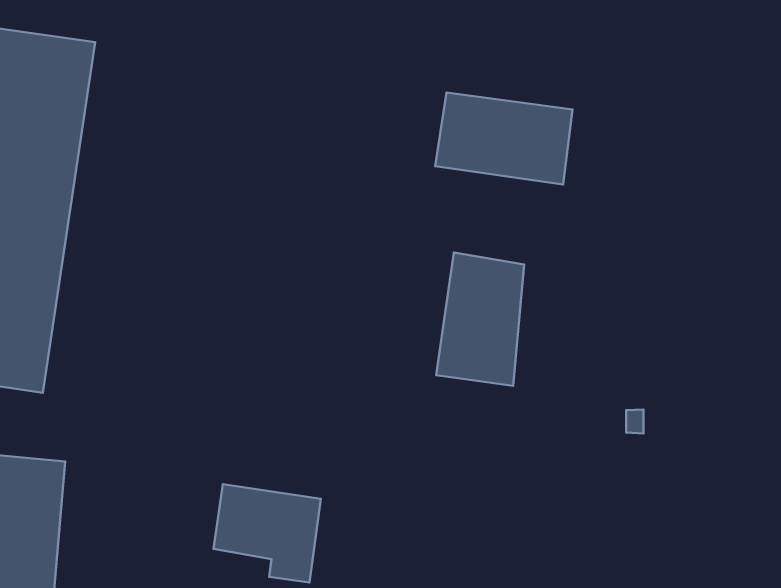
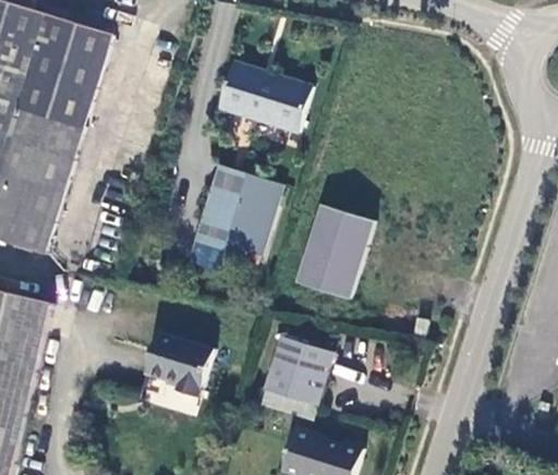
building: [435,92,573,185] -> [217,63,310,133]
building: none -> [191,165,279,260]
building: none -> [265,339,328,403]

